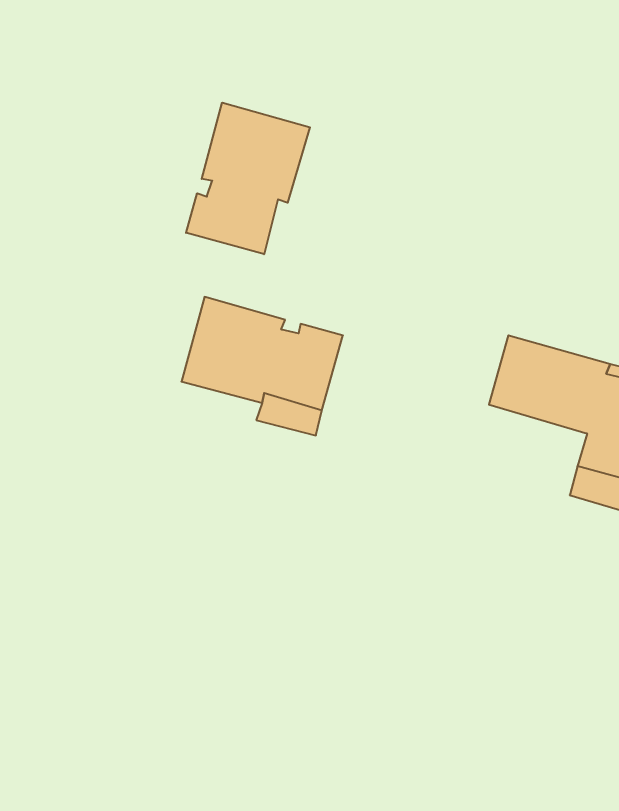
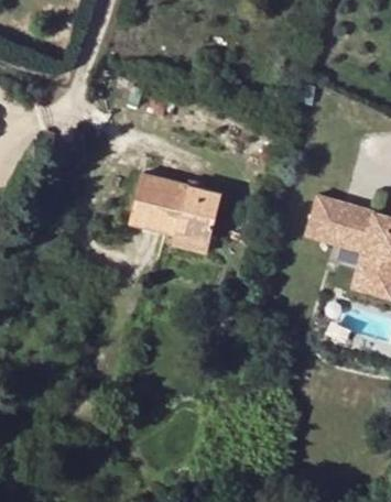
building: [186,103,310,254] -> none

